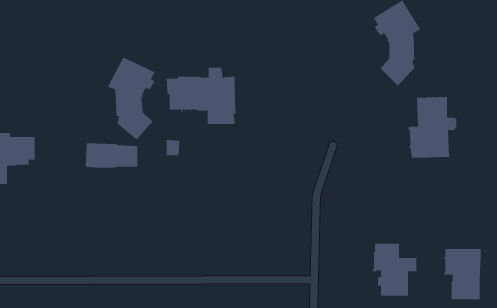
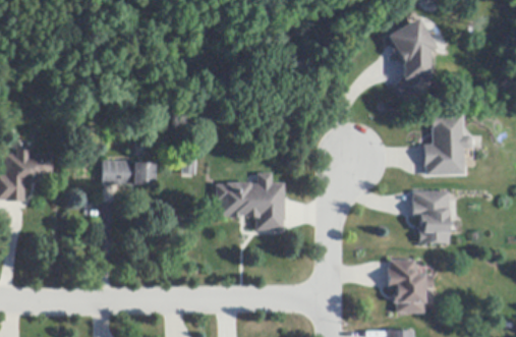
building: [107,56,155,140] -> none
building: [166,67,237,124] -> [217,172,287,229]
building: [444,249,481,300] -> [412,190,450,241]

